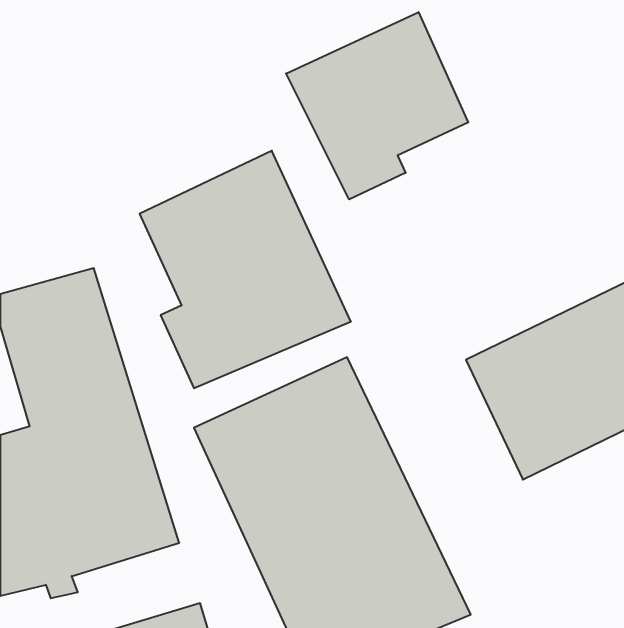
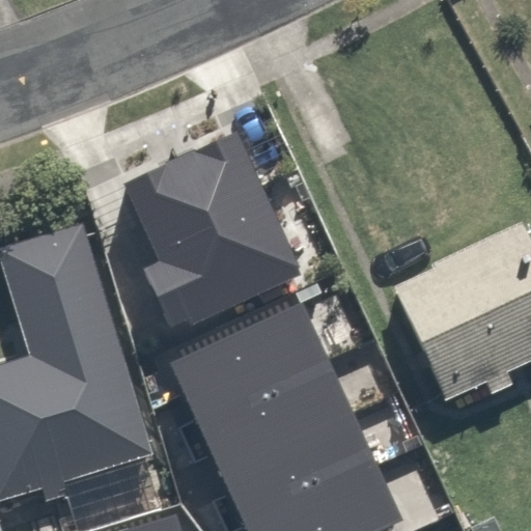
building: [286,12,468,199] -> none

